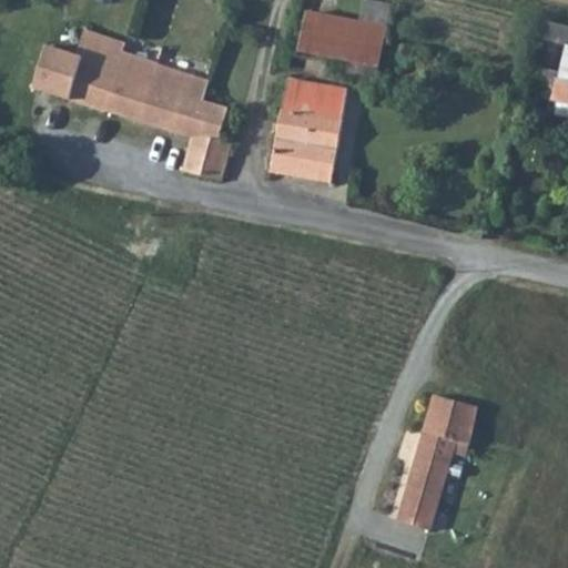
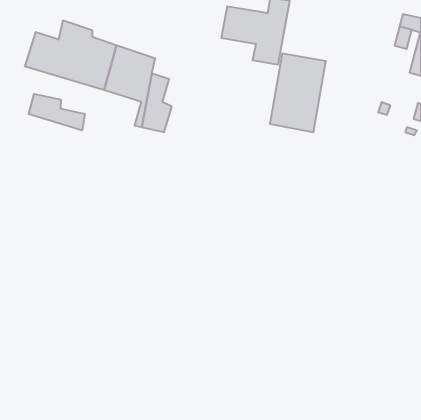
building: [271,77,346,182] -> [270,54,326,132]
building: none -> [29,94,85,130]
building: [394,394,477,529] -> none

